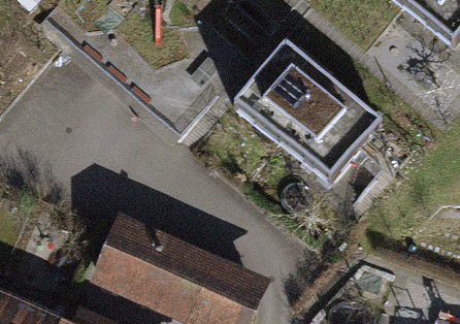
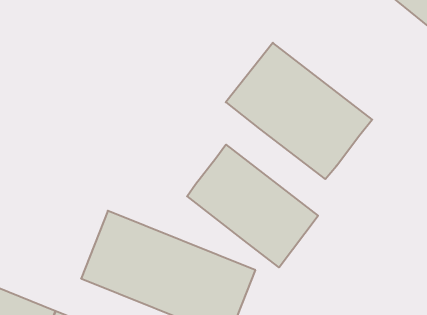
building: none -> [187,145,318,267]

